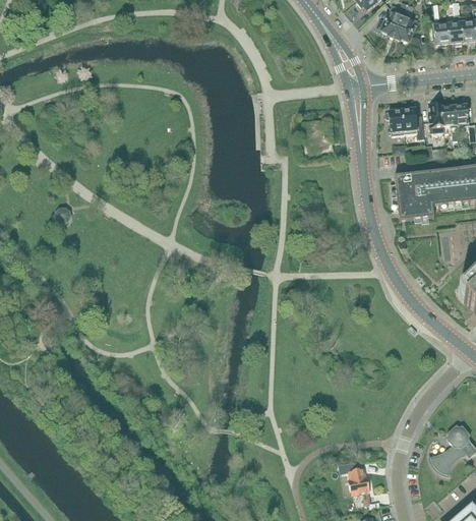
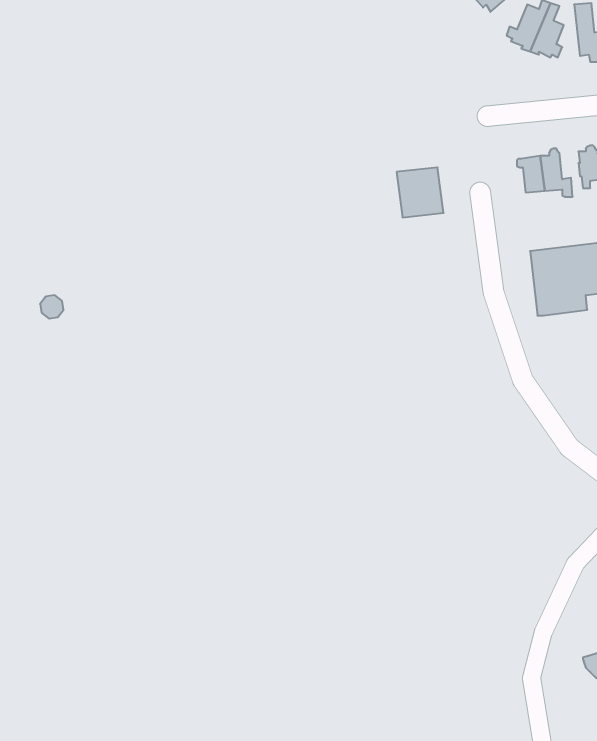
building: [349,467,379,505] -> none

